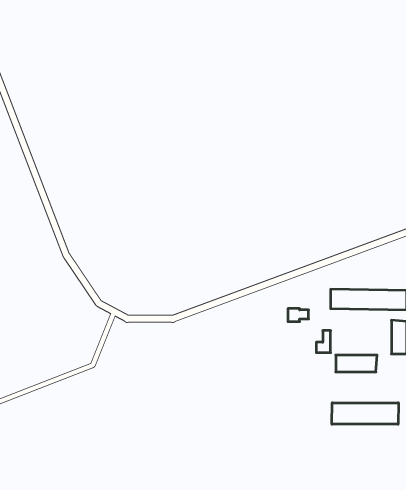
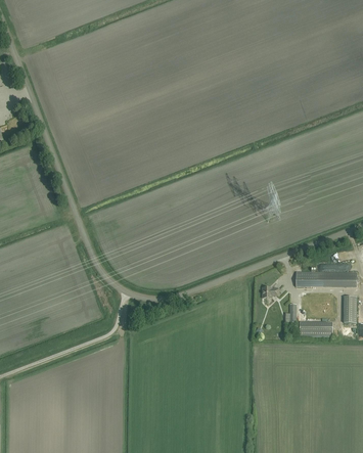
building: [332,403,398,424] -> none

